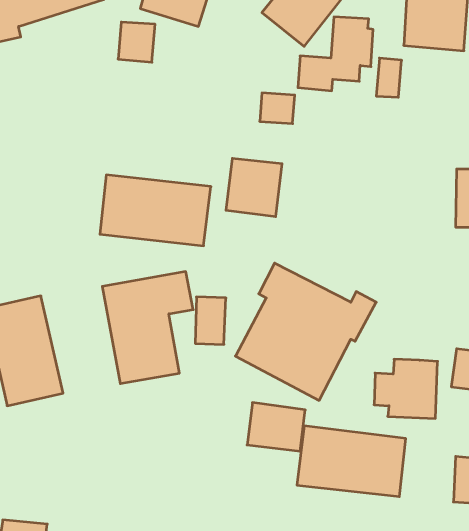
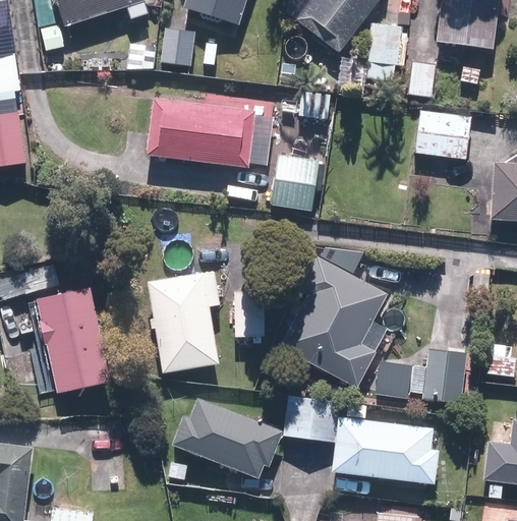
building: none -> [410,109,473,162]
building: [100,175,211,246] -> [150,96,256,164]
building: none -> [168,396,283,478]

